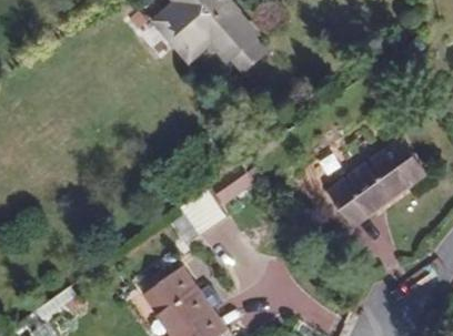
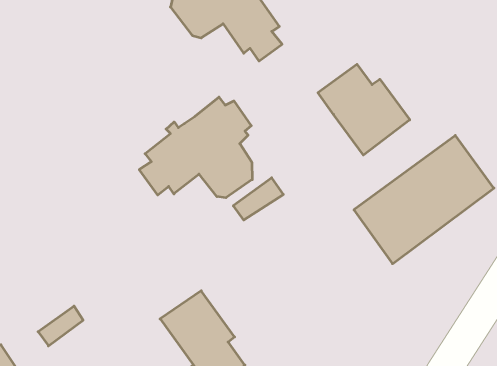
building: none -> [318,64,410,155]
building: none -> [139,97,252,198]

